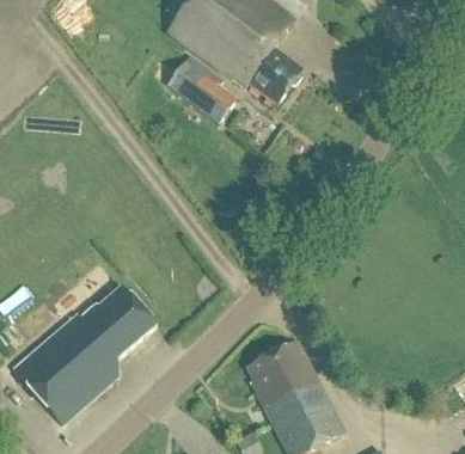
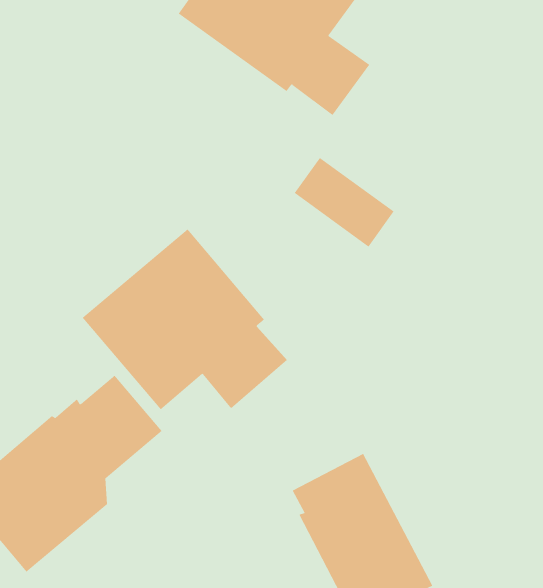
building: [164,57,234,121] -> [294,157,394,247]
building: none -> [82,228,288,410]

